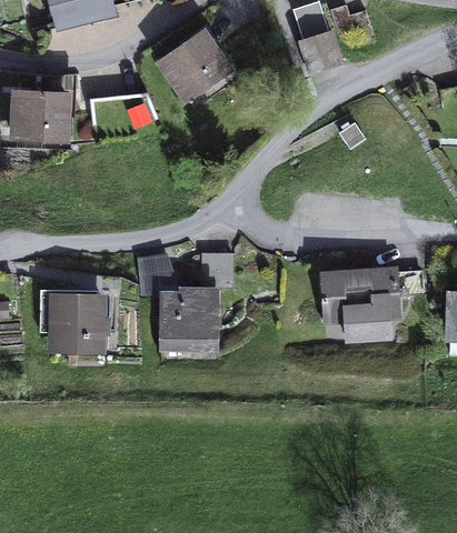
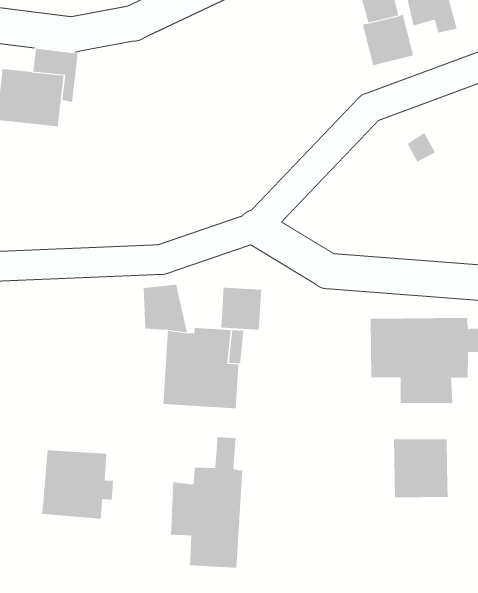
building: [161,33,227,97] -> none
building: [52,295,108,348] -> [42,450,114,519]
building: none -> [393,438,448,498]
building: none -> [170,436,243,569]

